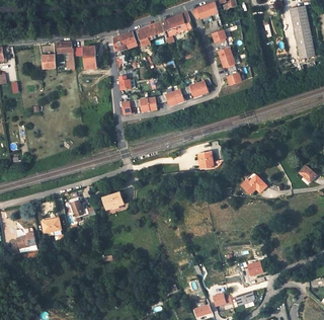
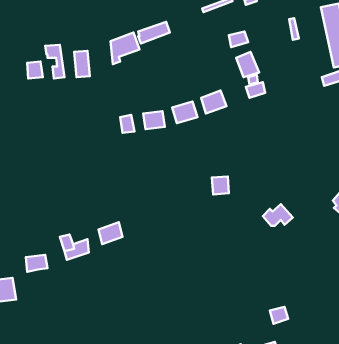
building: [160,11,190,36] -> none

